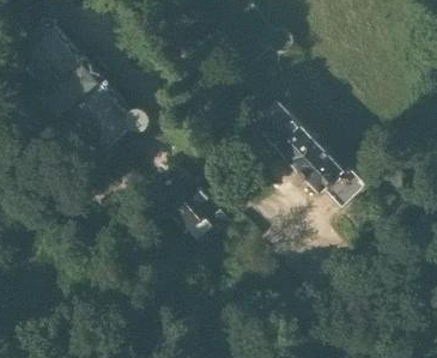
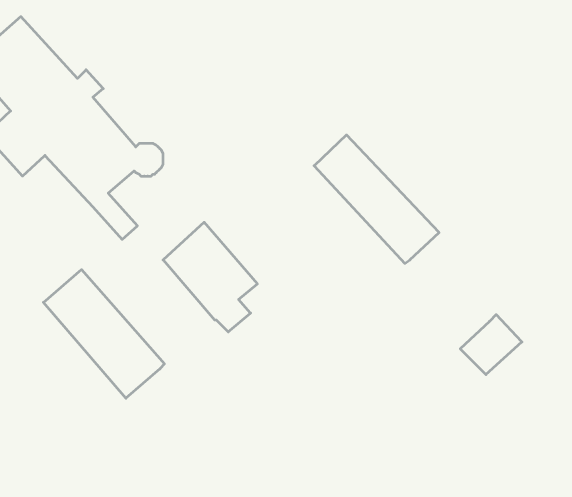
building: [322,166,365,208] -> [460,315,522,375]
building: none -> [43,270,164,398]

